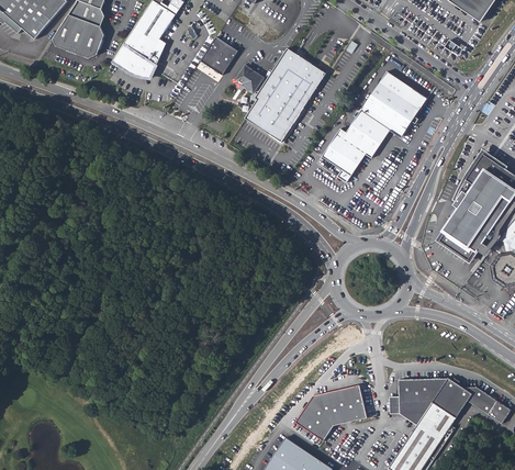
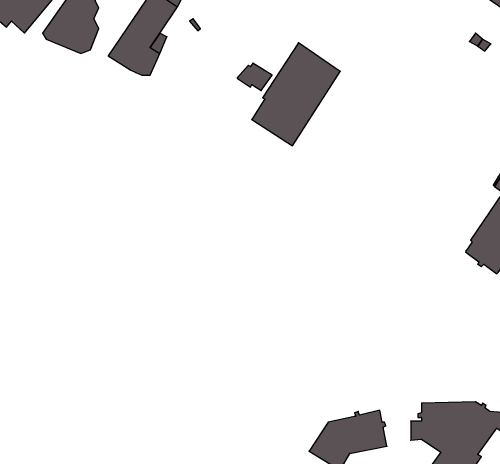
building: [199,35,236,75] -> none
building: [321,71,425,182] -> none

